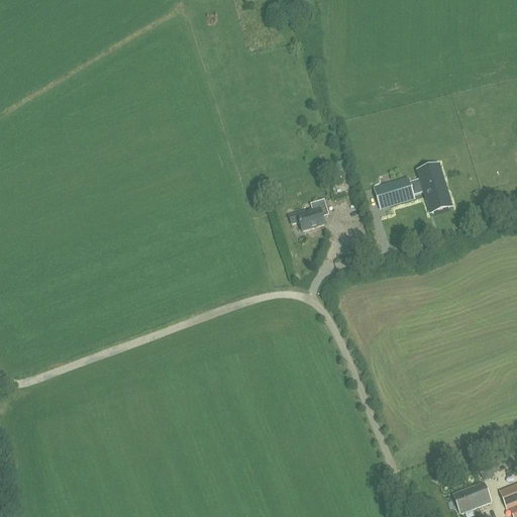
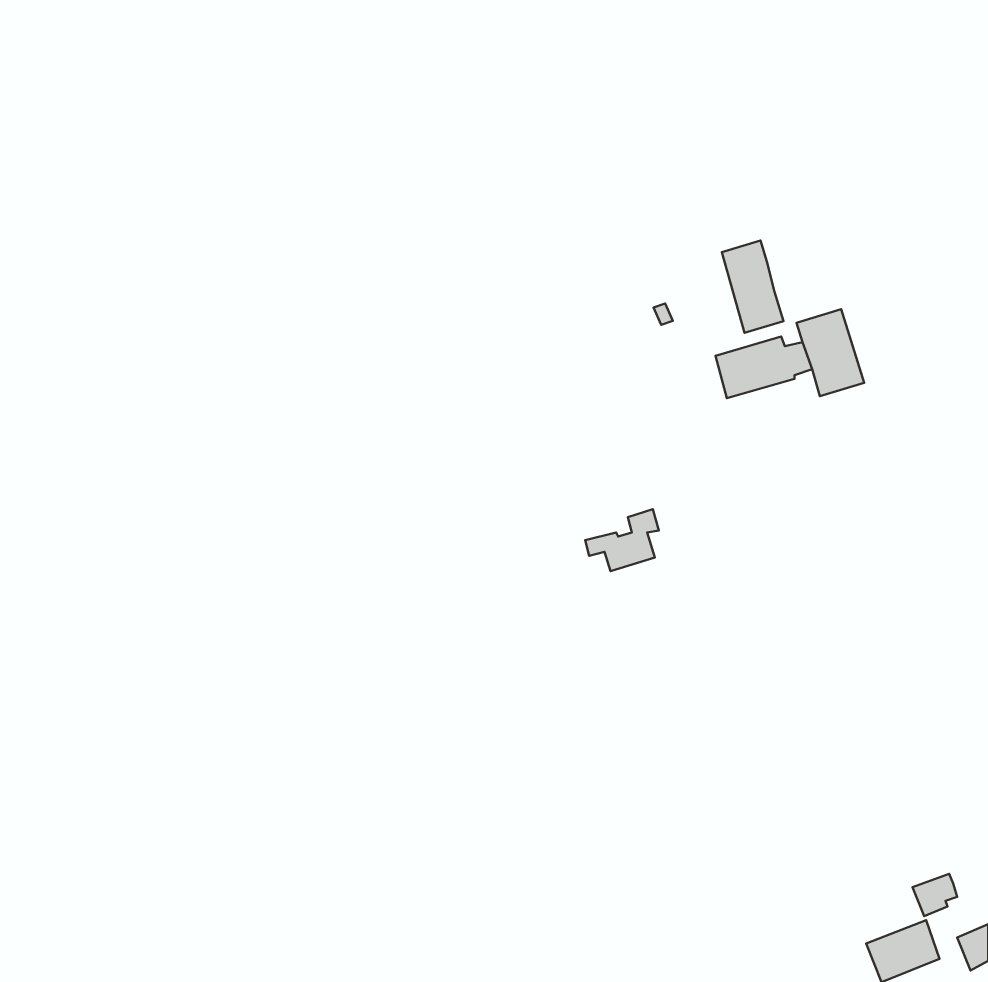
building: none -> [722,241,784,333]
building: [289,198,327,230] -> [585,509,659,571]

